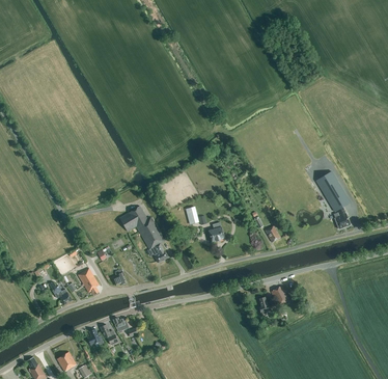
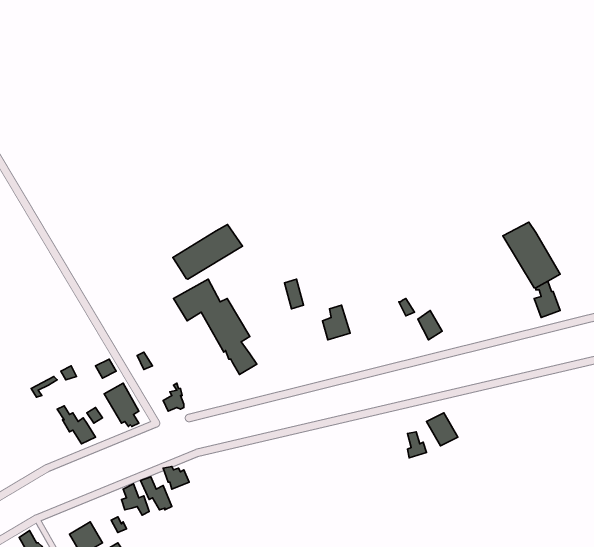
building: none -> [173,224,242,279]

